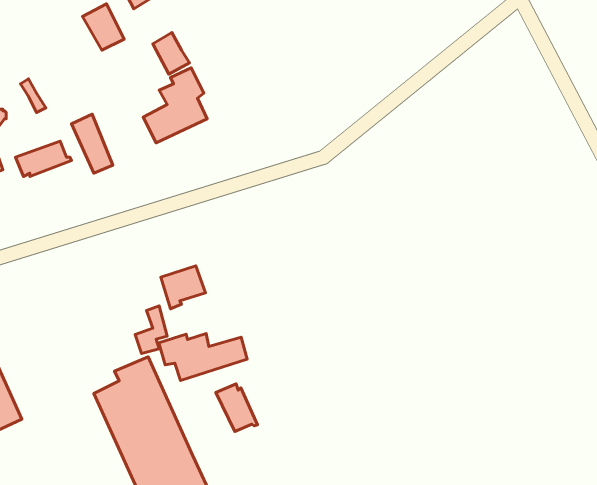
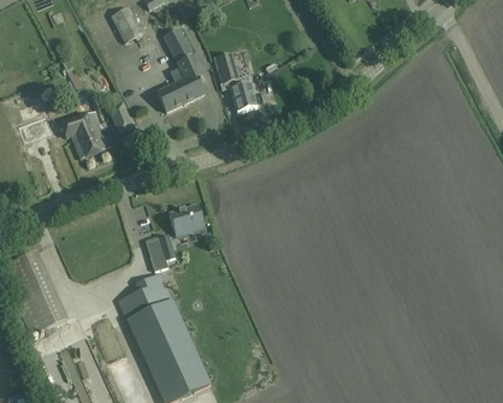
building: none -> [215,53,256,111]
building: none -> [71,125,111,159]
building: [159,333,247,381] -> none
building: [216,384,258,431] -> none

